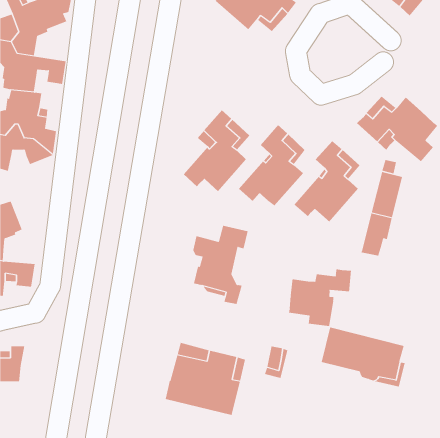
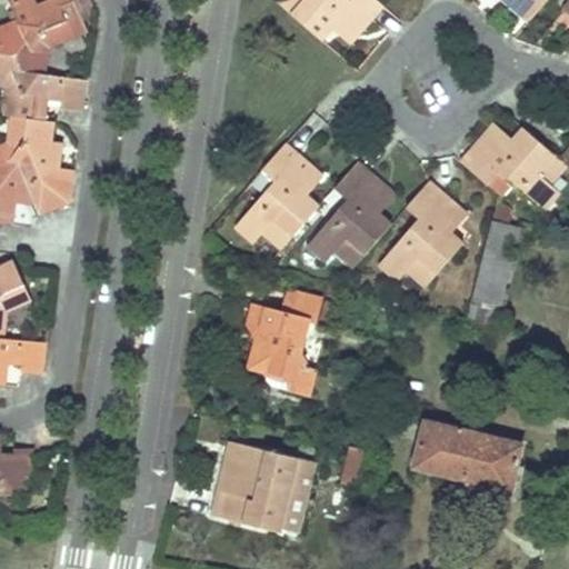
building: [288,269,352,327] -> none

